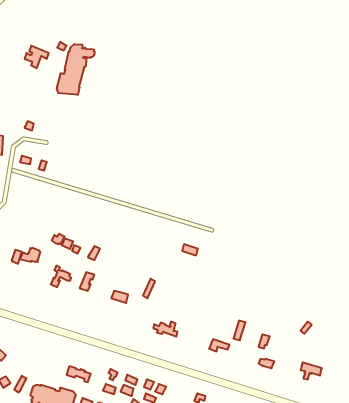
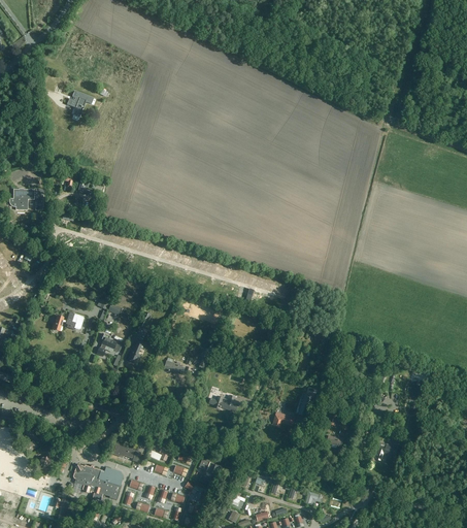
building: [57,44,95,95] -> none

